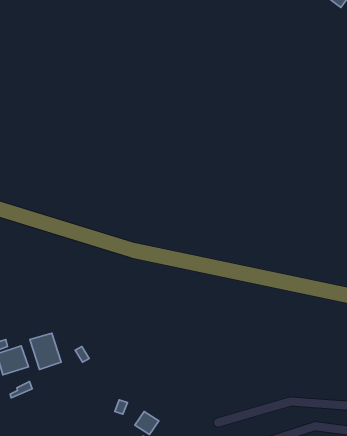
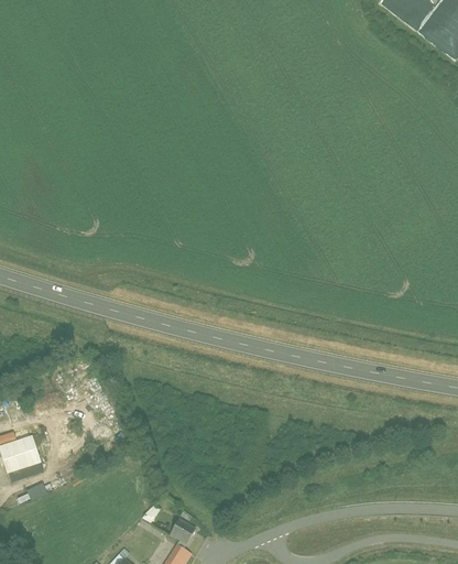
building: [30,333,61,370] -> none

